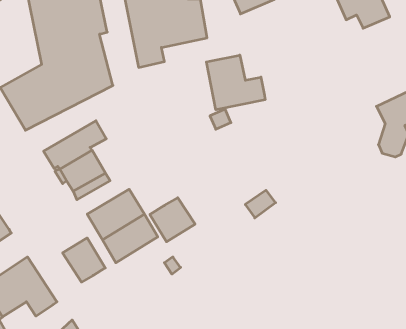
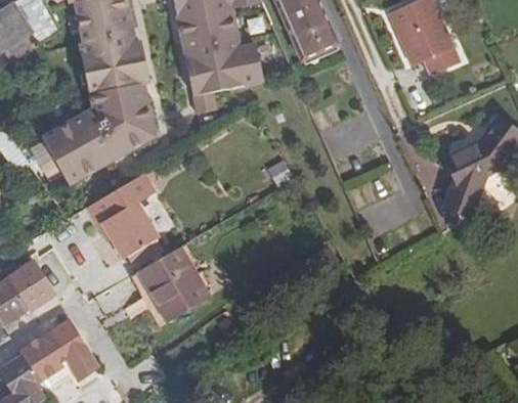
building: [206,55,265,110] -> none
building: [150,198,195,242] -> none
building: [63,238,105,282] -> none

